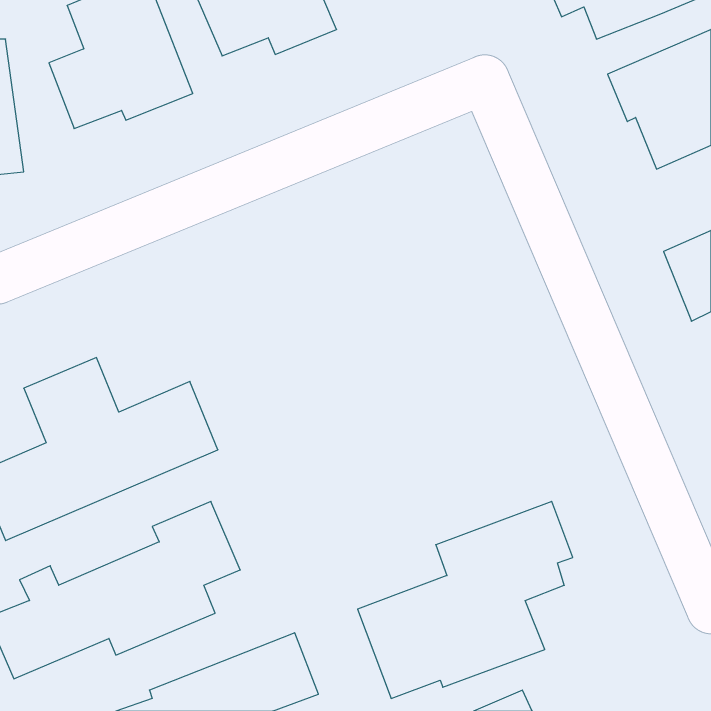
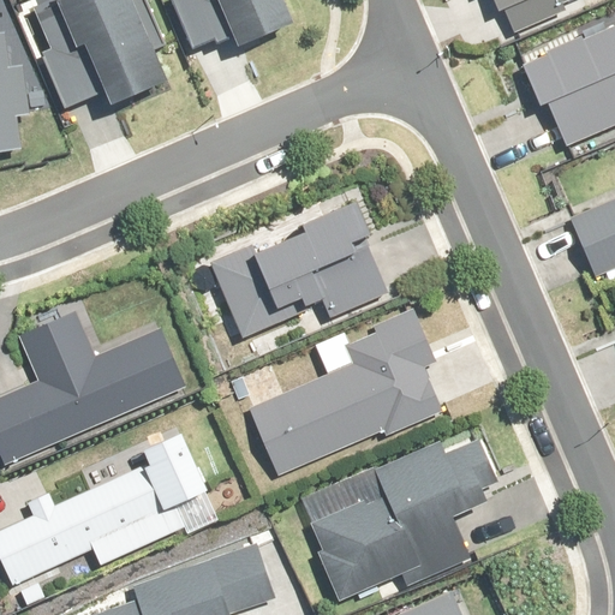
building: none -> [215,204,387,336]
building: none -> [251,312,444,473]

